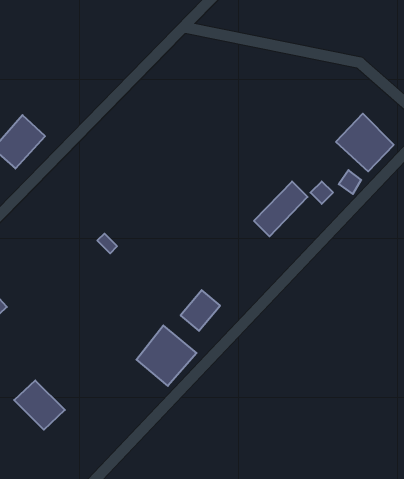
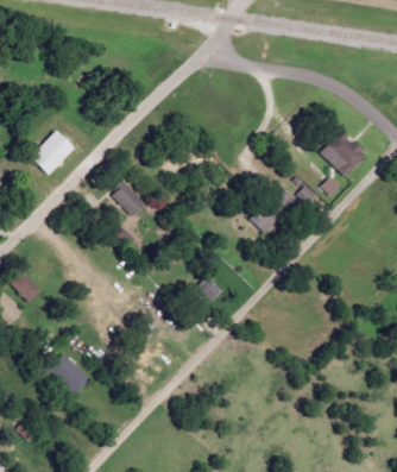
building: none -> [111,181,145,216]
building: [136,325,197,386] -> none

